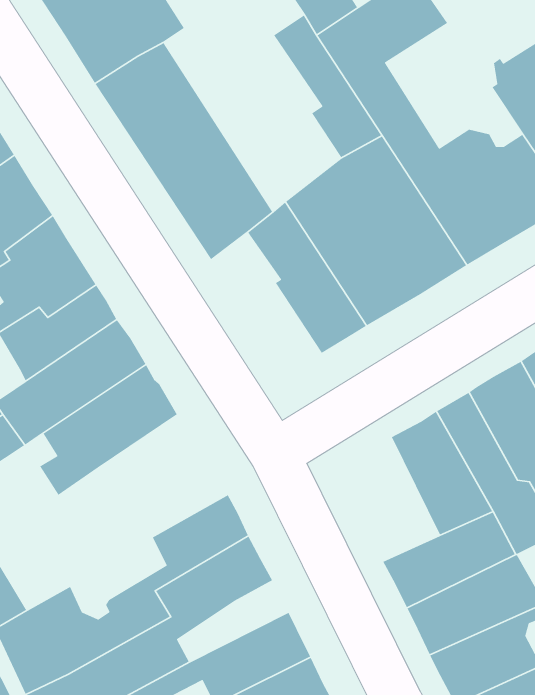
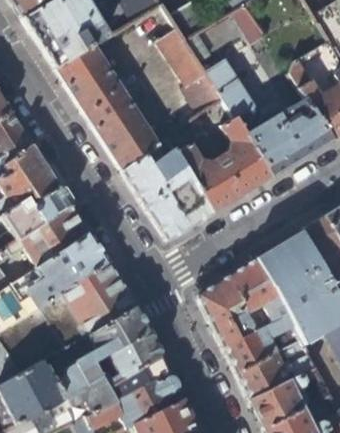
building: none -> [125,156,189,239]
building: none -> [60,261,135,334]
building: none -> [201,274,257,346]
building: none -> [106,357,170,404]

